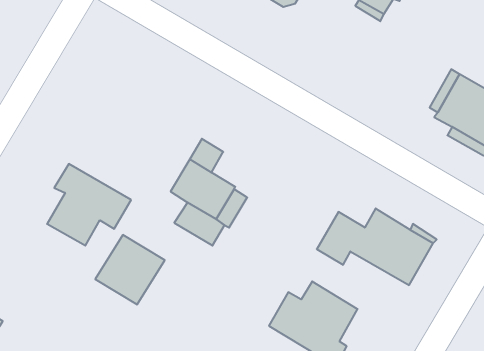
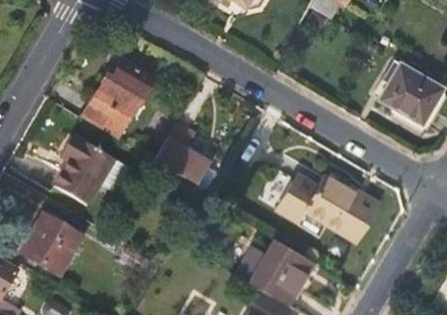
building: none -> [81,62,151,135]
building: [95,235,165,304] -> [20,214,78,272]

